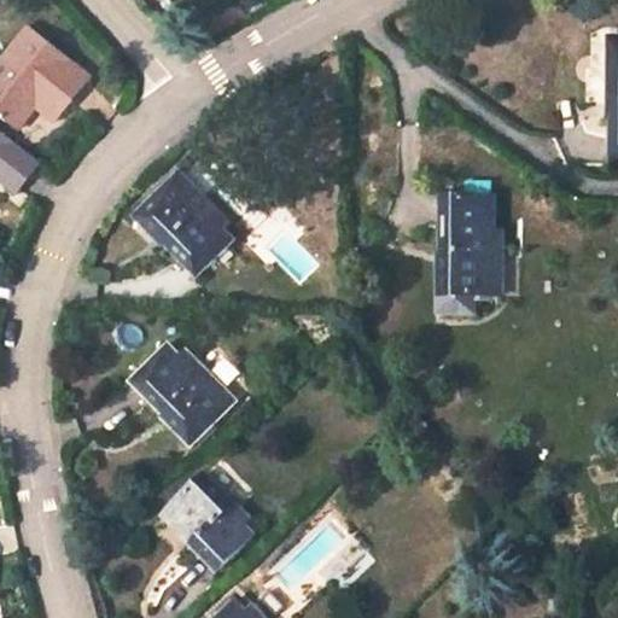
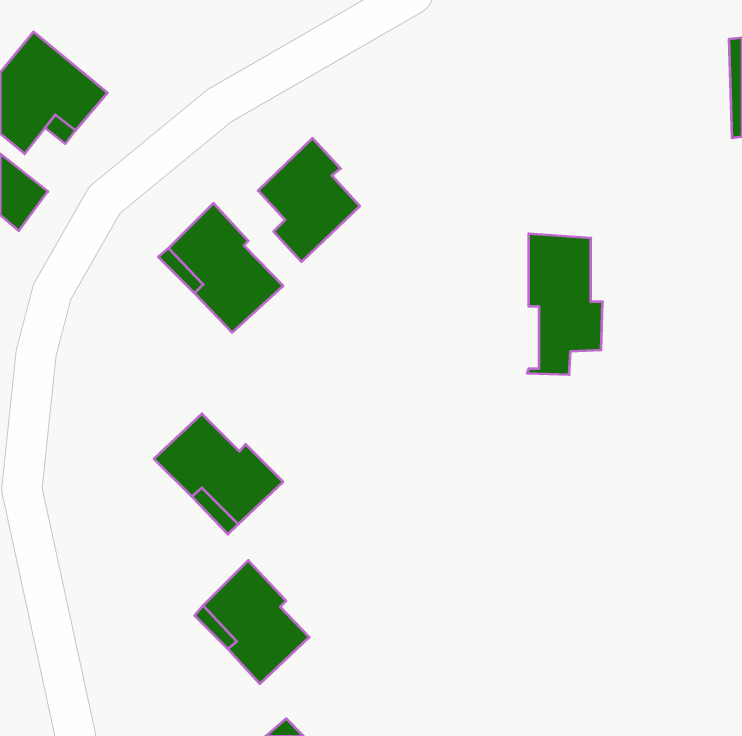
building: none -> [258,138,360,262]

